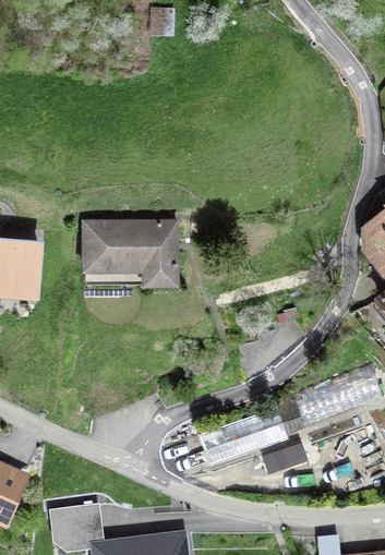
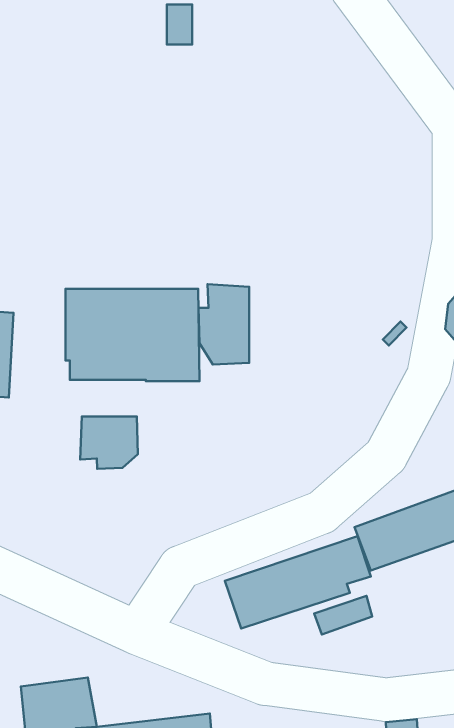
building: none -> [198,284,249,364]
building: none -> [80,417,138,469]

